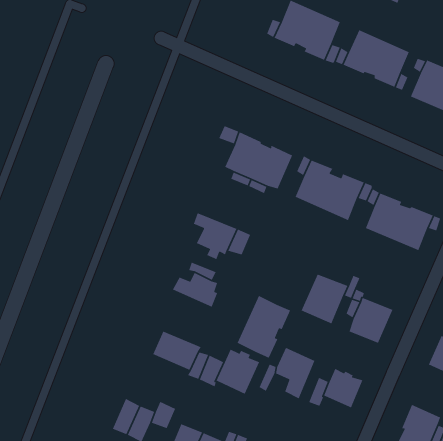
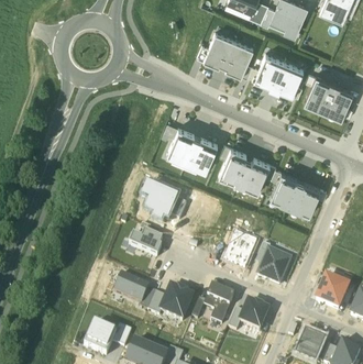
building: [237,295,291,359] -> none

